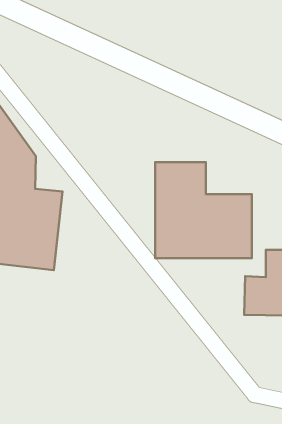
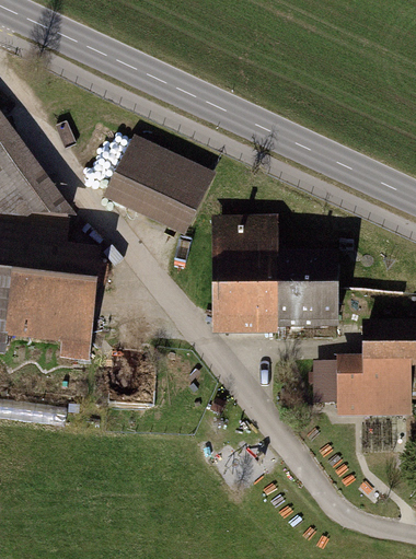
building: none -> [107,136,212,232]

